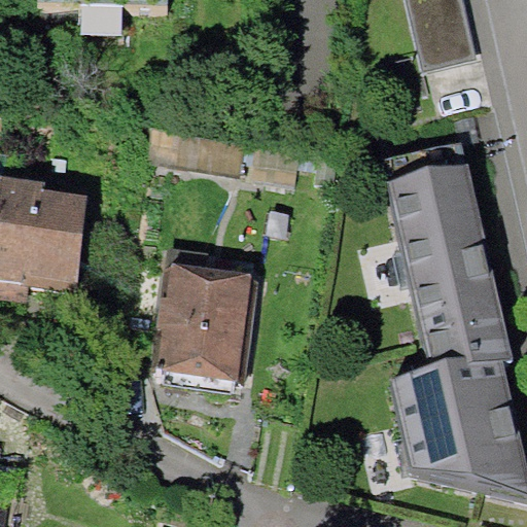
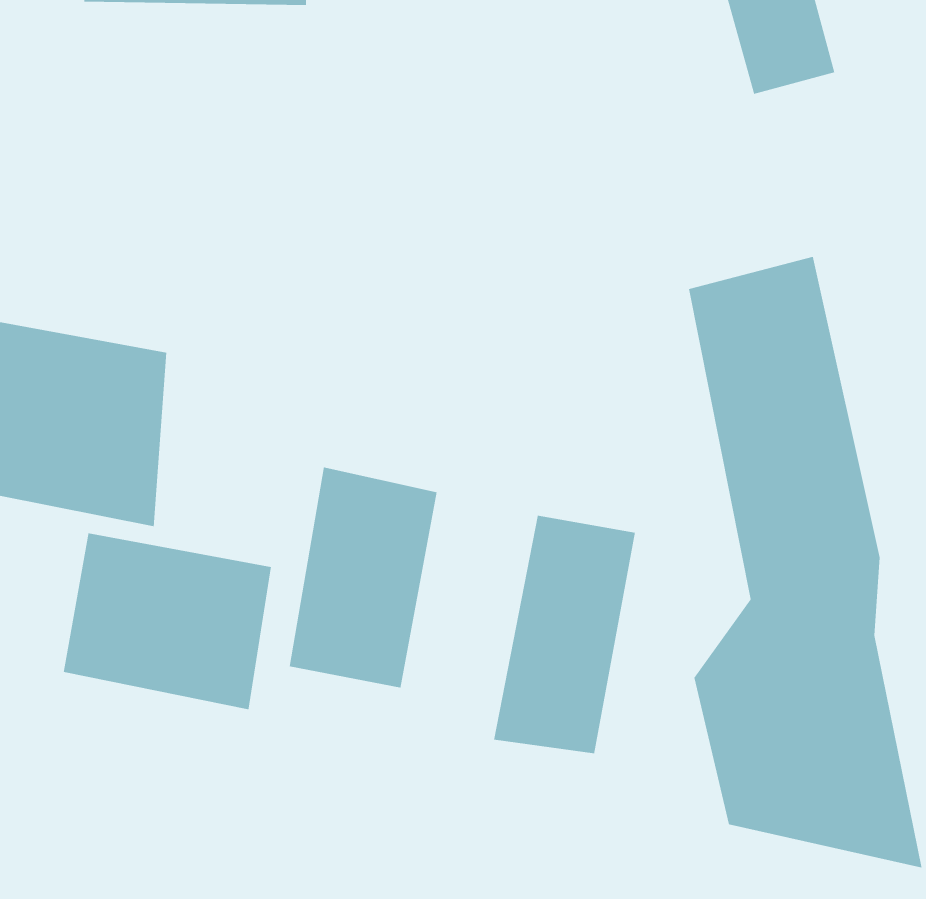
building: none -> [493,515,636,754]
building: none -> [63,532,271,710]

